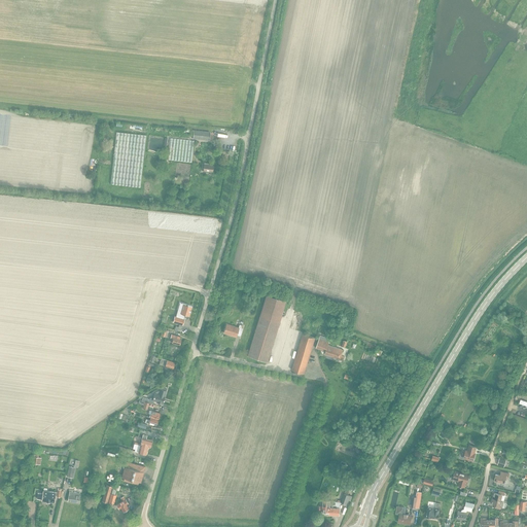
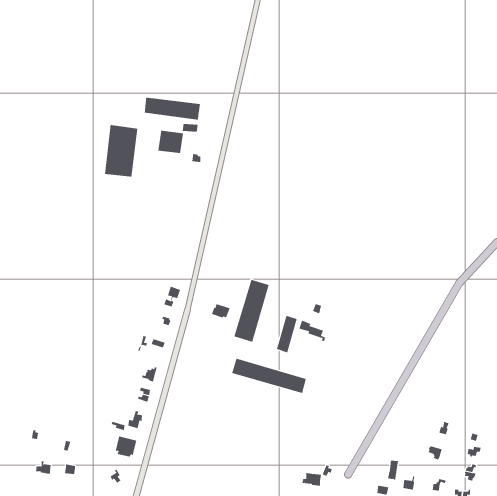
building: none -> [144,97,200,121]
building: none -> [232,358,307,394]

